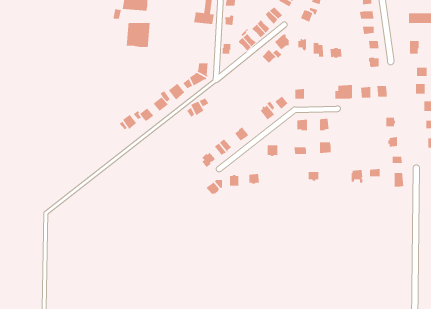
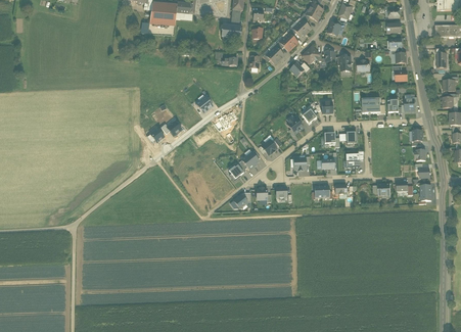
building: [126,22,151,48] -> none

